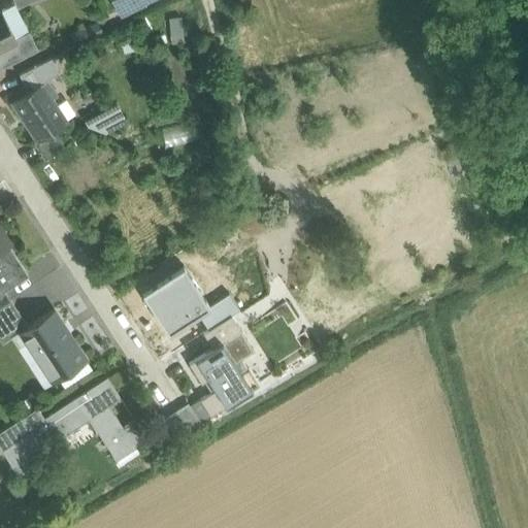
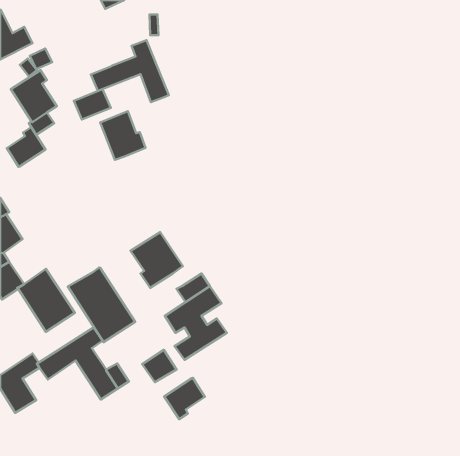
building: none -> [91,40,169,102]
building: none -> [100,111,146,160]
building: none -> [7,127,46,167]
building: [198,298,237,332] -> none
building: none -> [68,267,135,342]
building: none -> [164,378,205,419]

